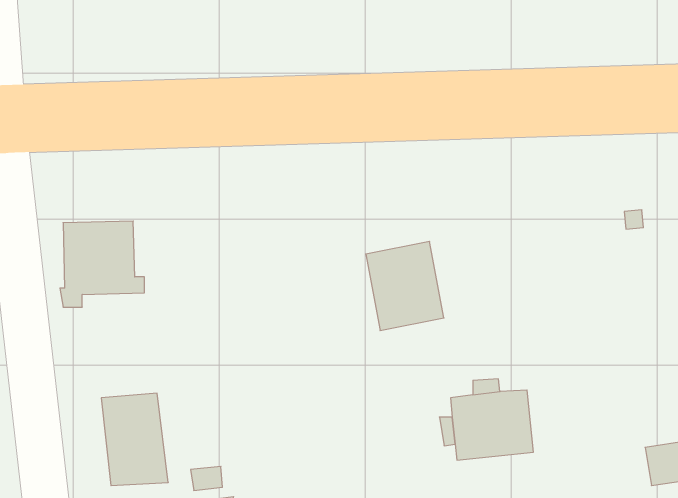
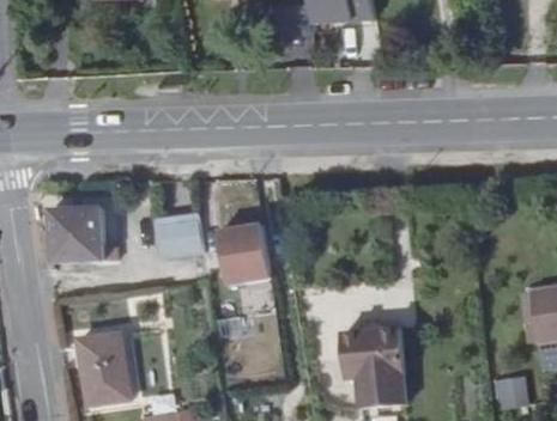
building: none -> [151,214,198,257]
building: [366,241,444,331] -> [208,221,267,288]

